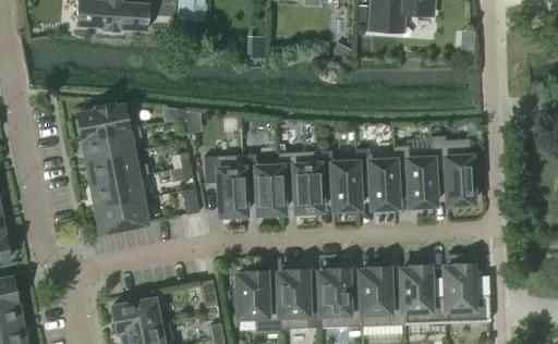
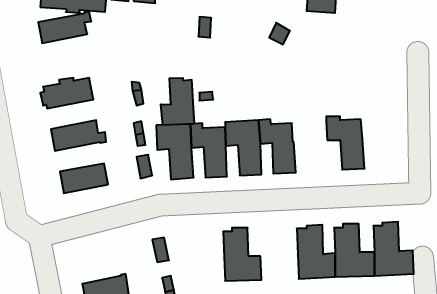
building: none -> [161,78,194,125]
building: [83,125,142,160] -> [38,11,91,43]
building: [430,135,475,204] -> none
building: [354,148,397,207] -> none
building: [92,174,146,207] -> none
building: [318,267,362,327] -> none
building: [233,270,280,334] -> none
building: [112,295,165,332] -> none

